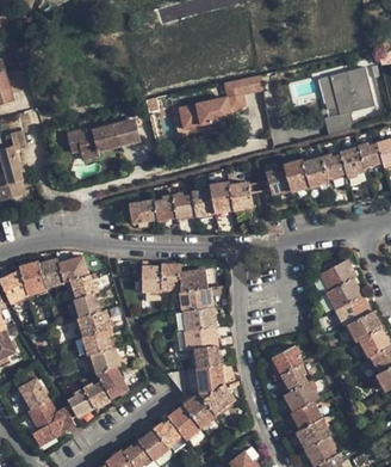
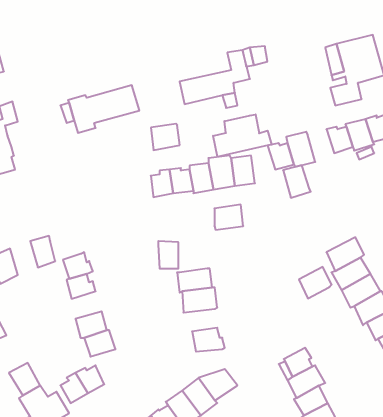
building: none -> [213,114,272,157]
building: [303,156,329,188] -> [283,165,311,198]
building: [129,199,156,225] -> [151,124,180,150]
building: [58,256,88,282] -> none
building: [19,260,46,295] -> none
building: [141,266,162,293] -> none
building: [180,269,207,293] -> [214,205,243,230]
building: [77,309,112,337] -> none
building: [185,327,217,350] -> none
building: [272,345,303,375] -> [299,267,332,298]
building: [196,365,224,393] -> none
building: [97,367,129,399] -> none

